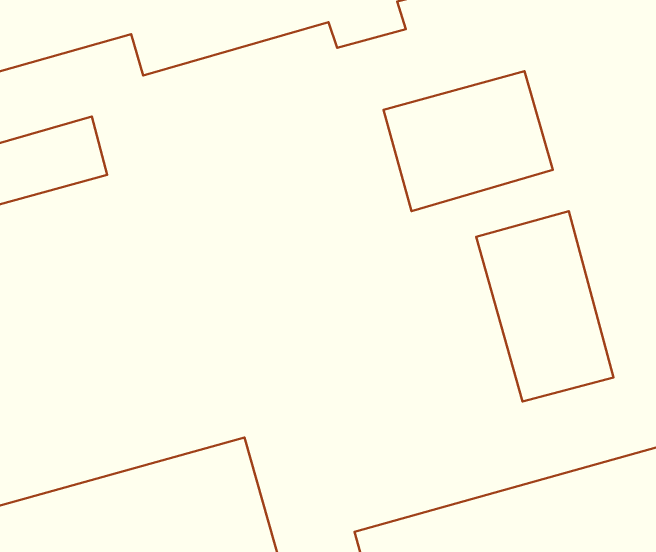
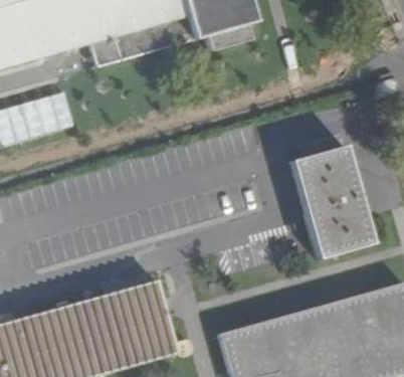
building: [383,71,553,211] -> none

